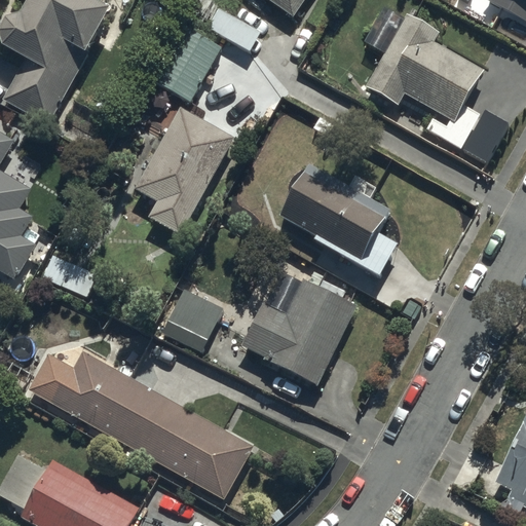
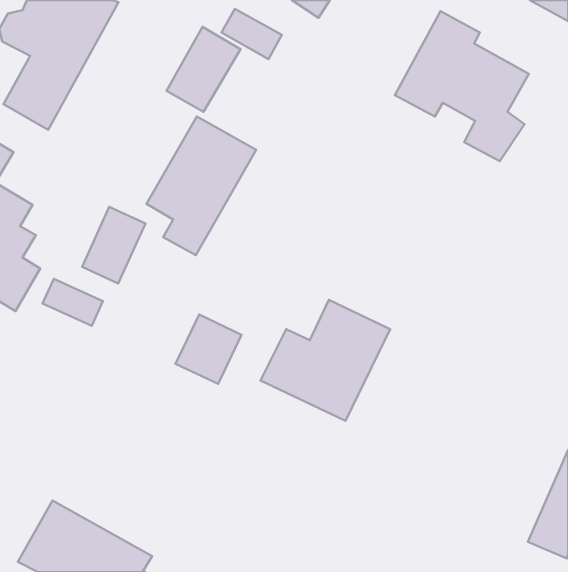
building: [276,163,398,277] -> none
building: none -> [82,207,146,283]
building: [26,349,253,498] -> none

